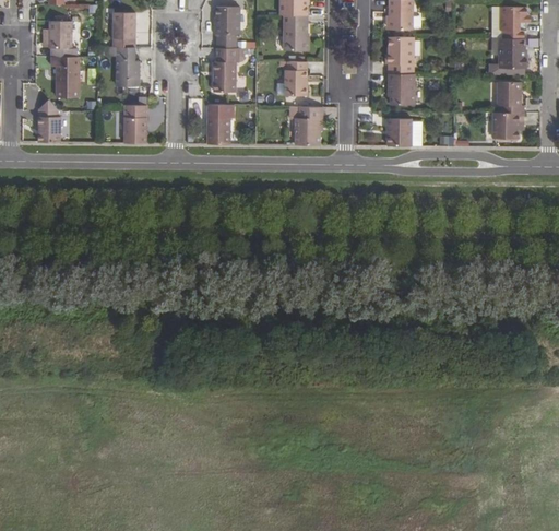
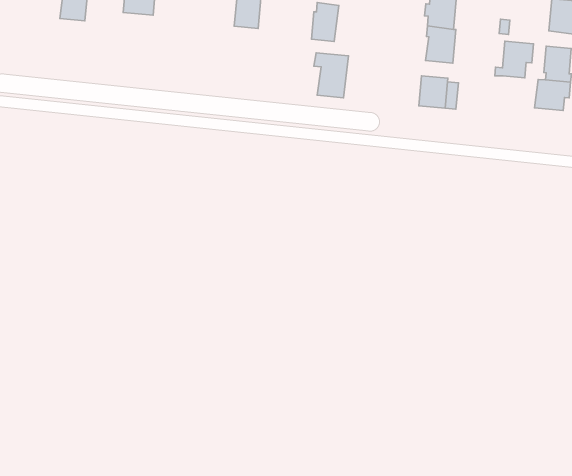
building: none -> [495,41,534,78]
building: [38,99,60,142] -> none
building: [207,104,233,144] -> none
building: [123,105,146,143] -> none

